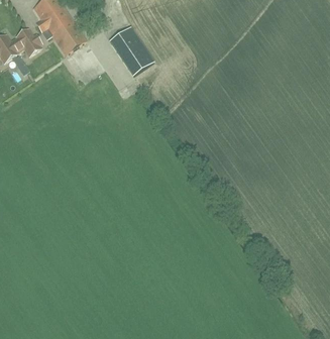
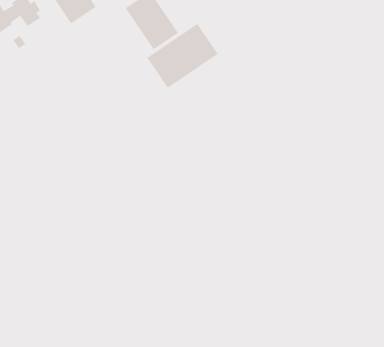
building: none -> [147,23,219,89]

